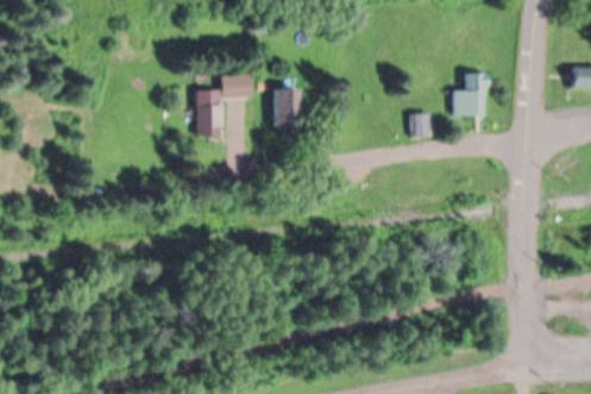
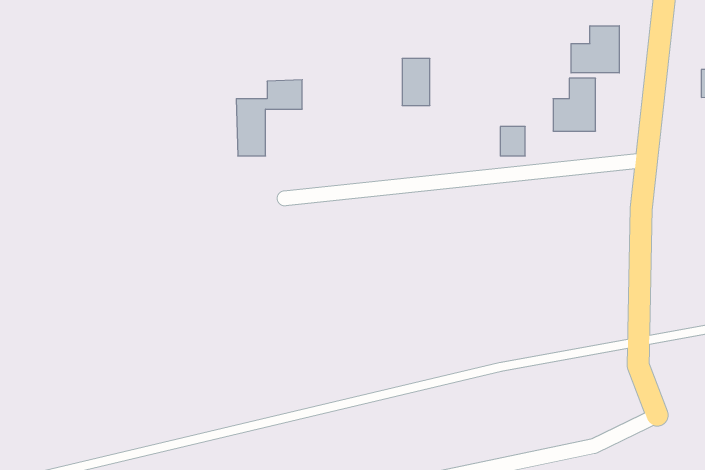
building: none -> [571,26,619,73]
building: [274,89,296,127] -> [402,59,430,105]

